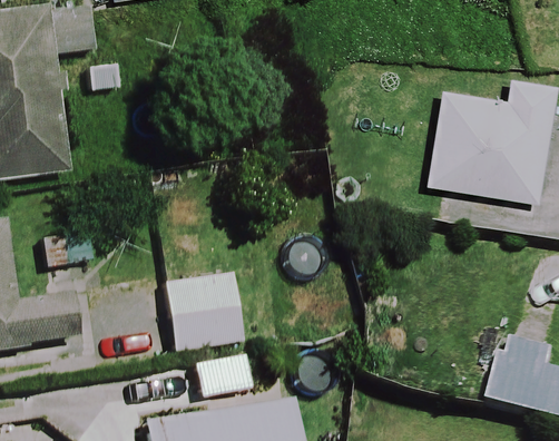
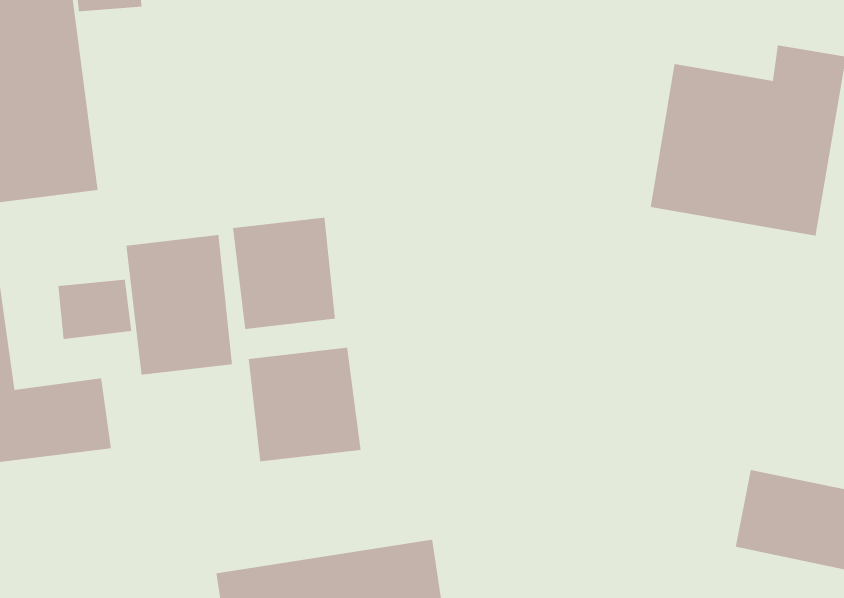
building: none -> [232,217,336,330]
building: none -> [126,234,233,375]

